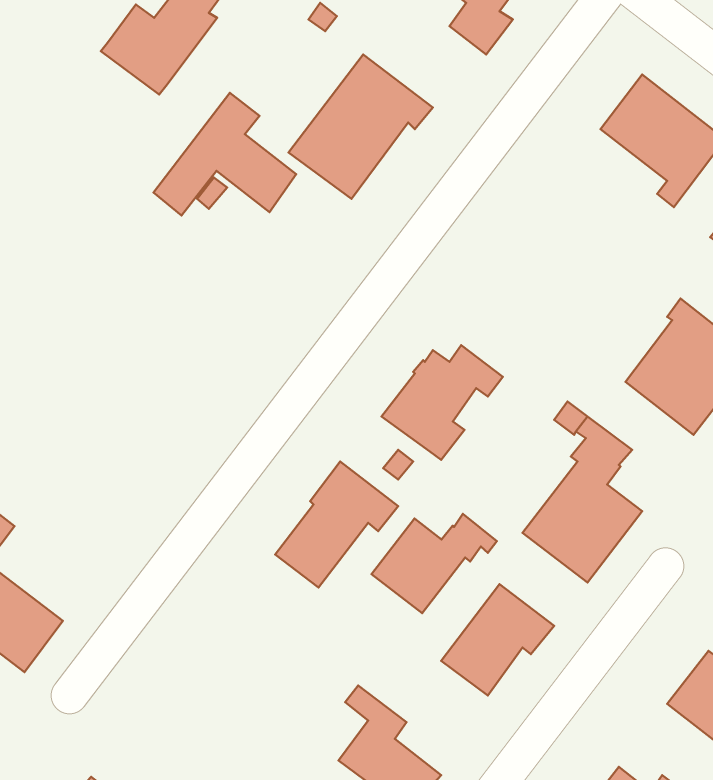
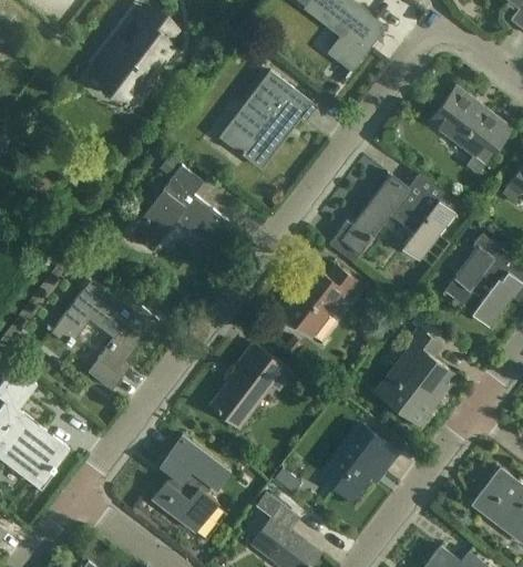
building: [153,93,296,216] -> [132,167,227,249]
building: none -> [329,175,454,261]
building: none -> [51,280,155,389]
building: [372,514,497,613] -> none
building: none -> [153,436,230,532]

